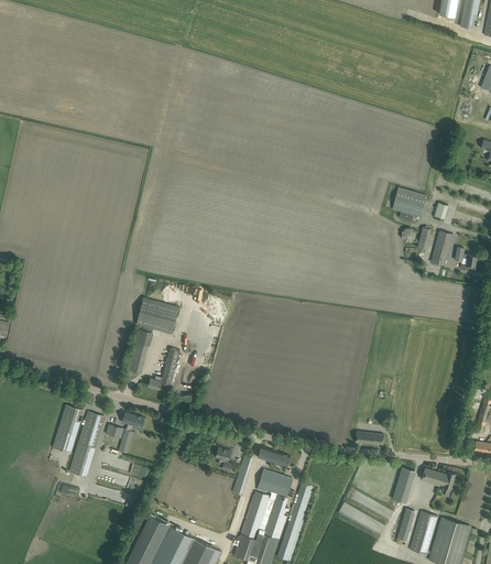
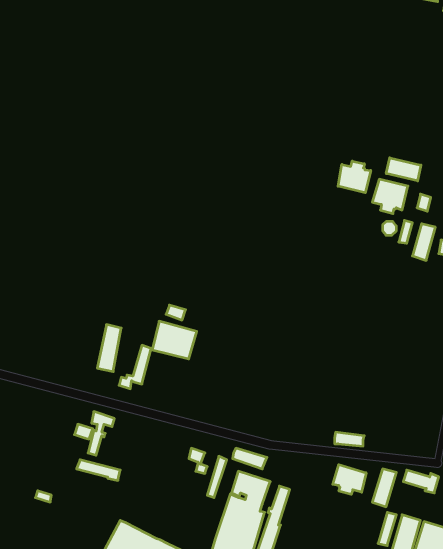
building: none -> [386,158,421,181]
building: none -> [338,161,371,193]
building: [137,296,179,333] -> [152,321,197,359]
building: [53,404,84,452] -> none
building: [69,411,106,476] -> none
building: none -> [333,465,366,494]

